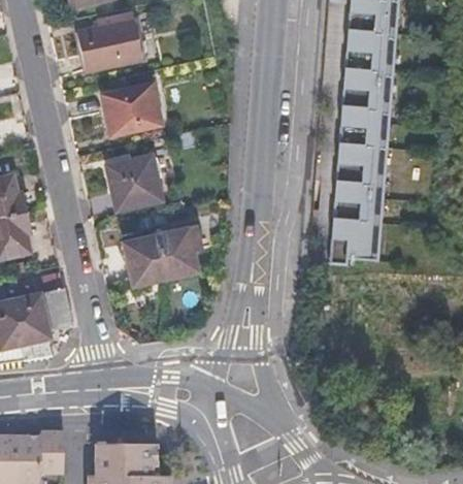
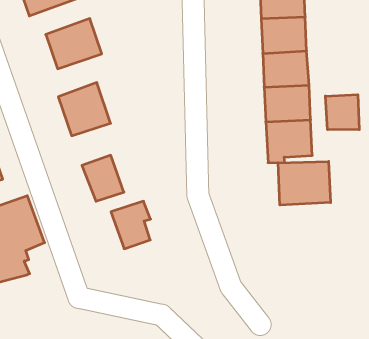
building: none -> [325,95,359,130]
building: [157,227,199,277] -> [111,201,151,249]
building: none -> [278,161,331,205]

